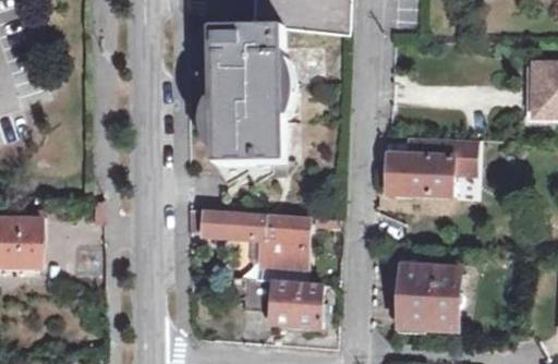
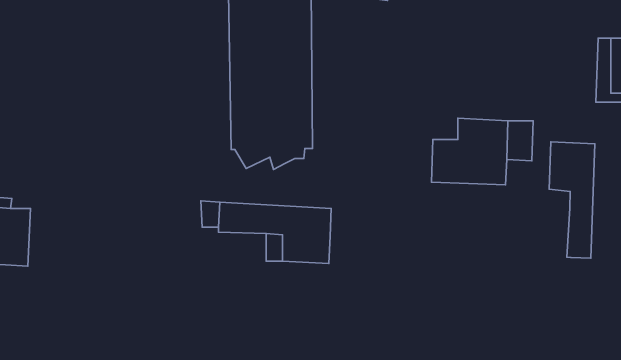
building: none -> [549,142,595,258]
building: [402,267,461,329] -> none
building: [242,278,322,325] -> none

